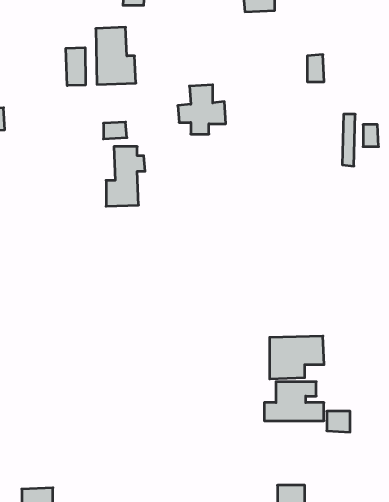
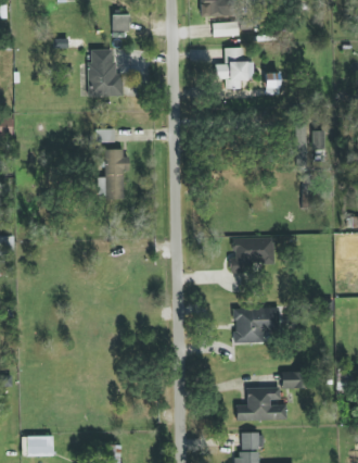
building: [66,48,85,86] -> none
building: [178,85,226,134] -> [215,47,255,88]
building: none -> [231,237,274,272]
building: [264,382,324,421] -> [236,387,286,420]

